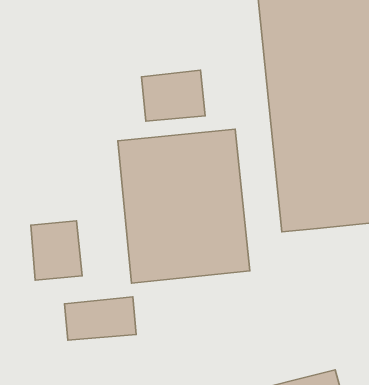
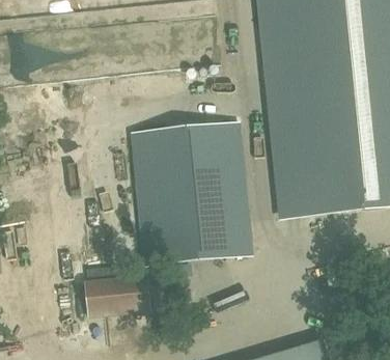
building: [142,70,205,121] -> none
building: [31,221,82,280] -> none

